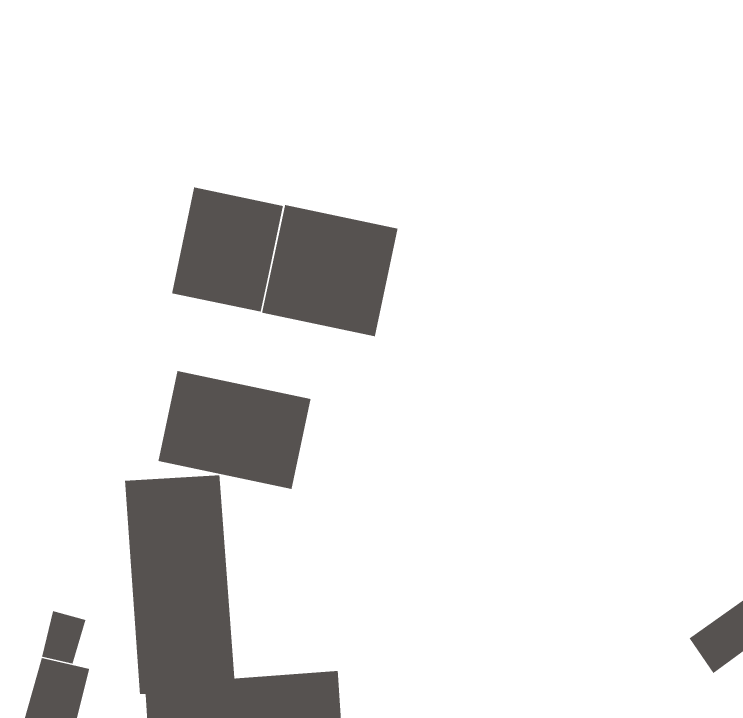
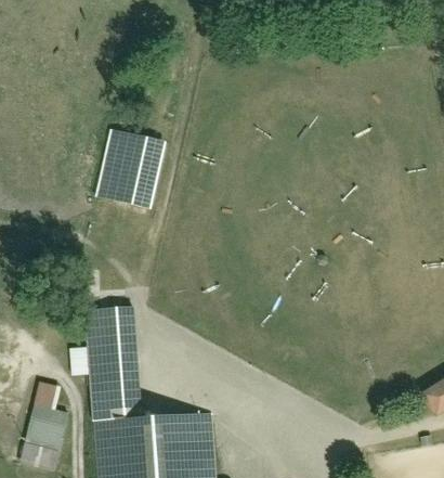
building: [261,204,399,337] -> none
building: [157,370,312,490] -> none

